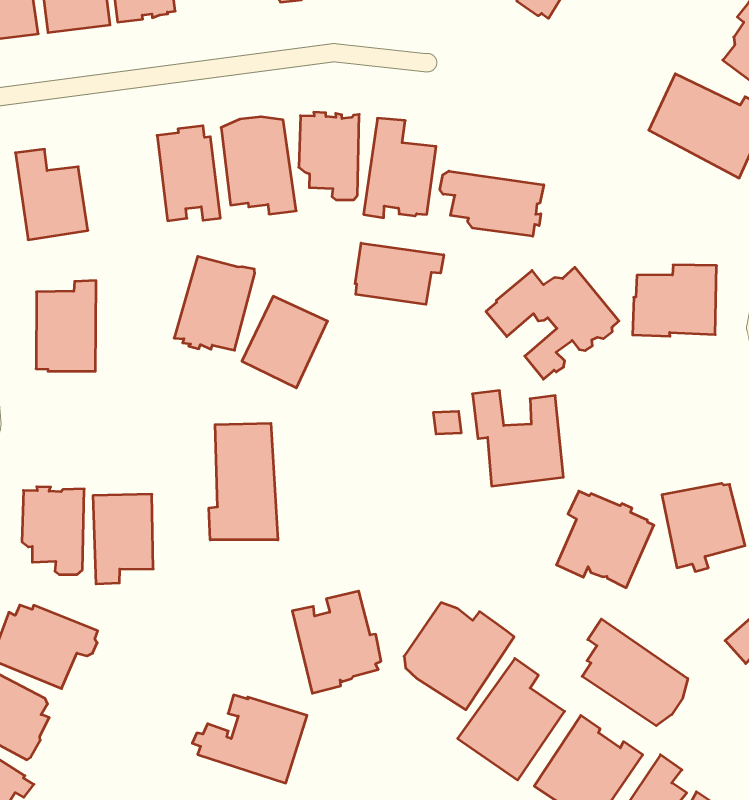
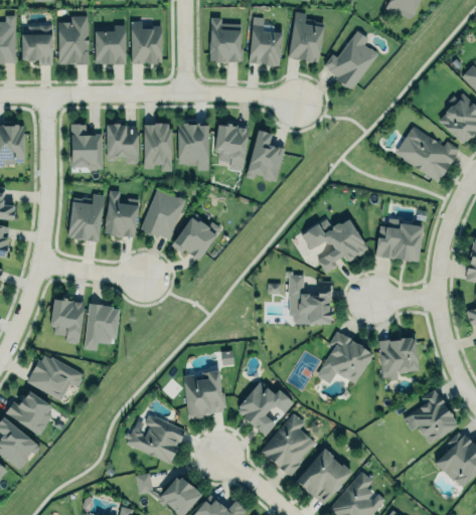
building: none -> [106,125,138,164]
building: [440,171,544,236] -> none
building: [355,243,444,304] -> none
building: none -> [105,190,138,237]
building: [209,423,278,540] -> none
building: [582,619,688,726] -> none

